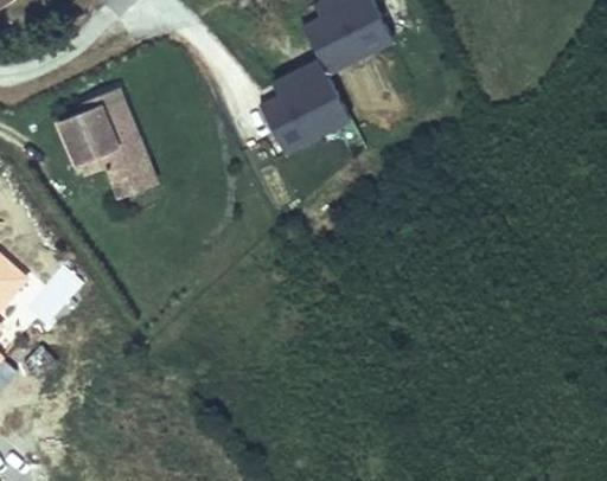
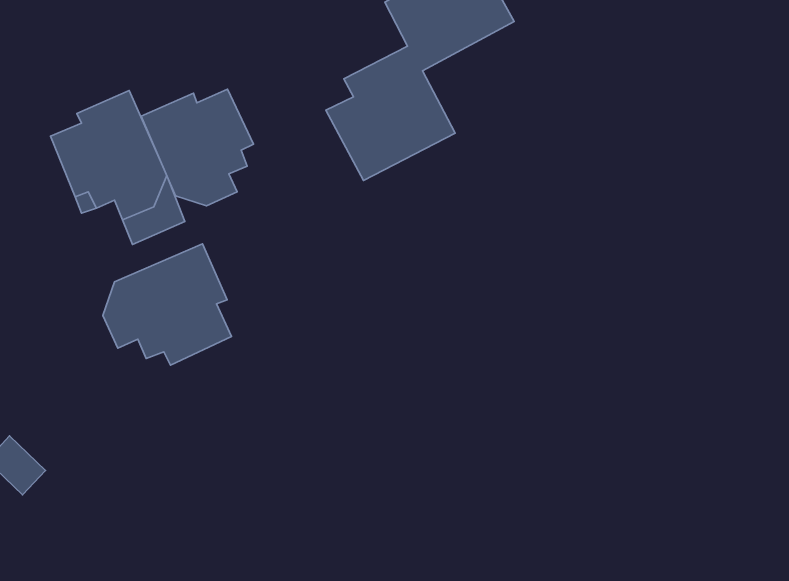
building: none -> [141,89,254,206]
building: none -> [103,244,231,365]

